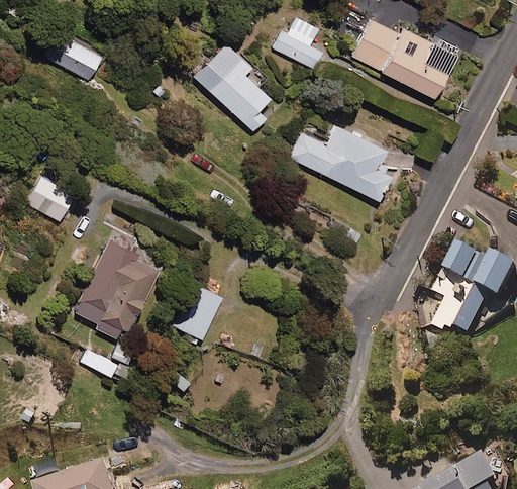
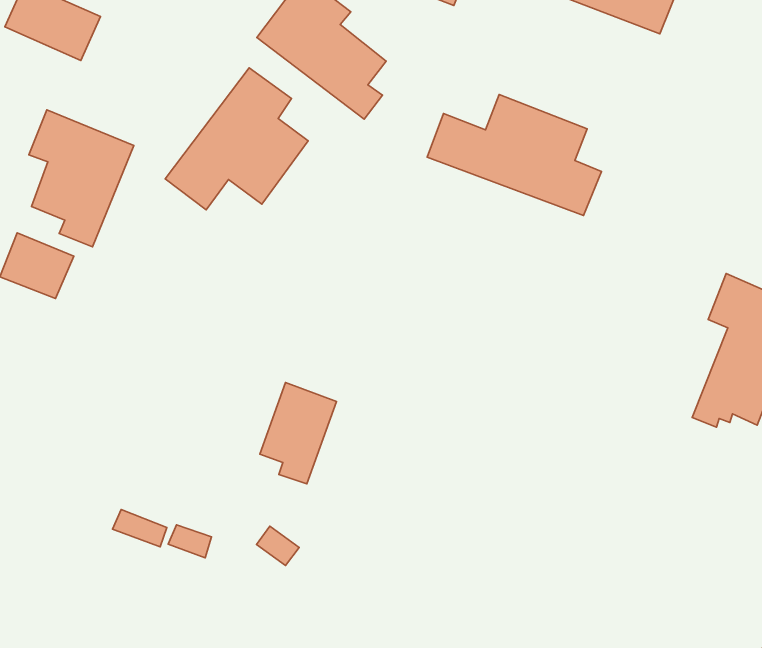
building: none -> [165,68,308,210]
building: none -> [29,110,134,247]
building: [77,247,158,338] -> none

